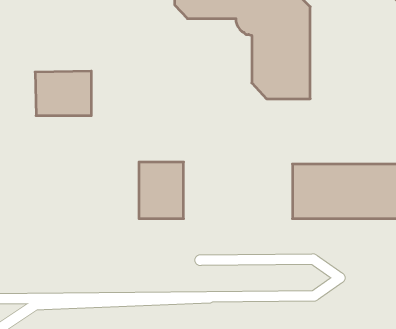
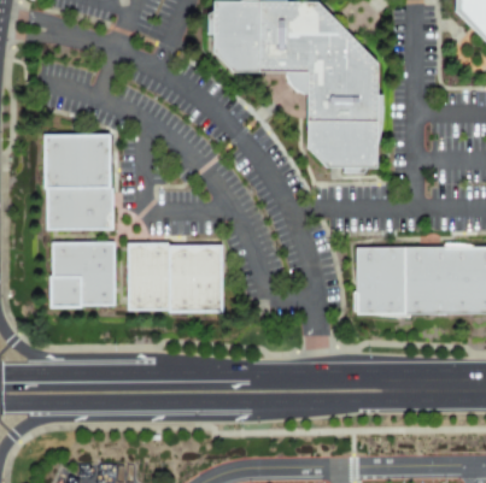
building: none -> [47,188,116,230]
building: none -> [53,242,116,305]
building: none -> [128,242,170,311]

